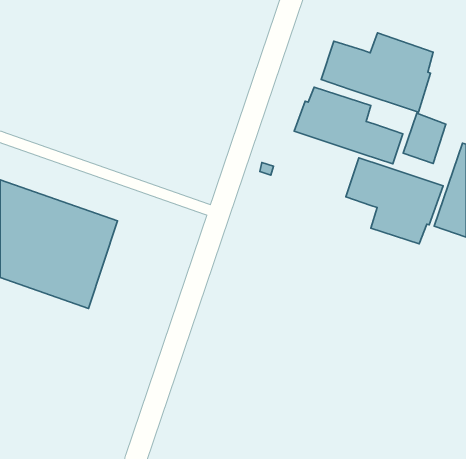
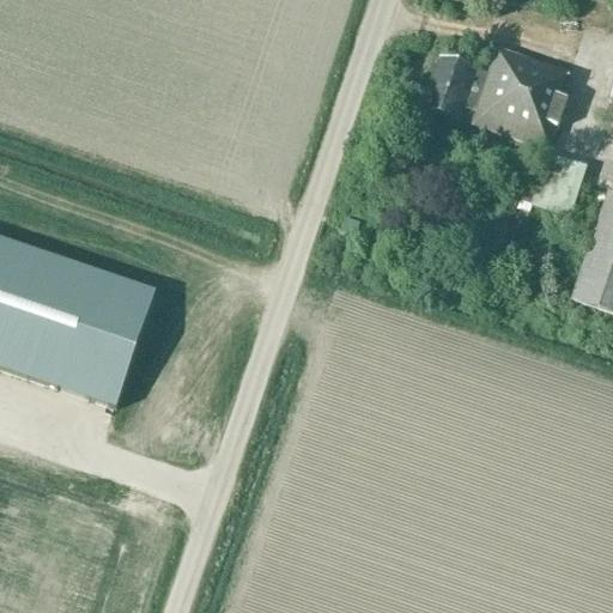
building: [294,87,403,164] -> none
building: [346,158,443,244] -> none

